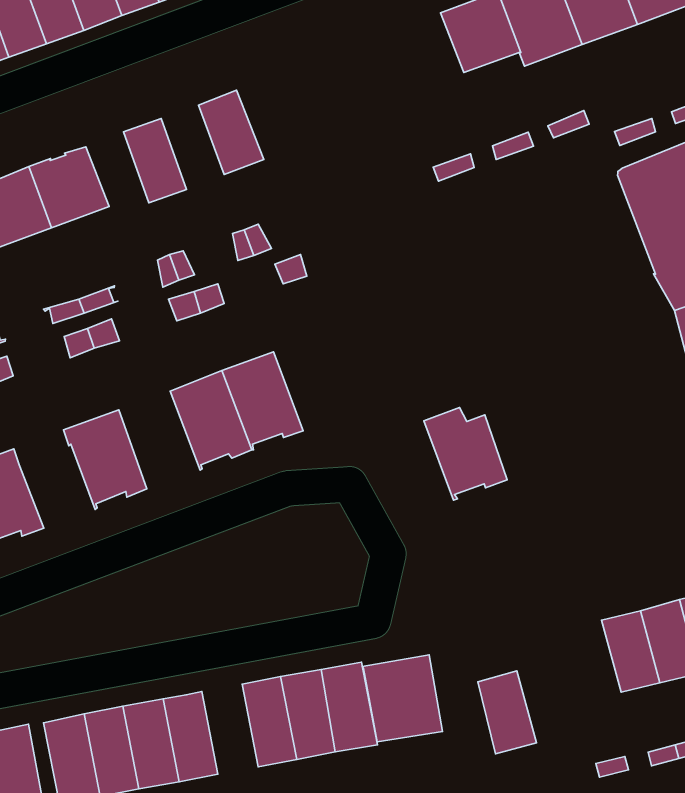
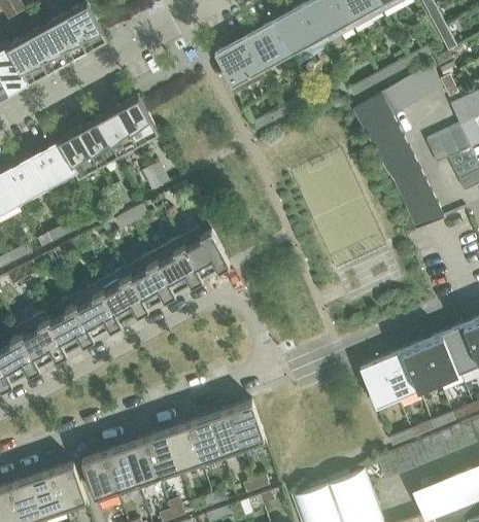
building: none -> [214,37,266,92]
building: none -> [99,107,138,154]
building: none -> [60,128,99,175]
building: none -> [99,267,148,322]
building: [424,407,507,500] -> [179,227,230,278]
building: none -> [48,304,94,352]
building: [362,655,442,742] -> none
building: [478,671,536,754] -> [361,358,398,406]
building: none -> [167,422,204,474]

